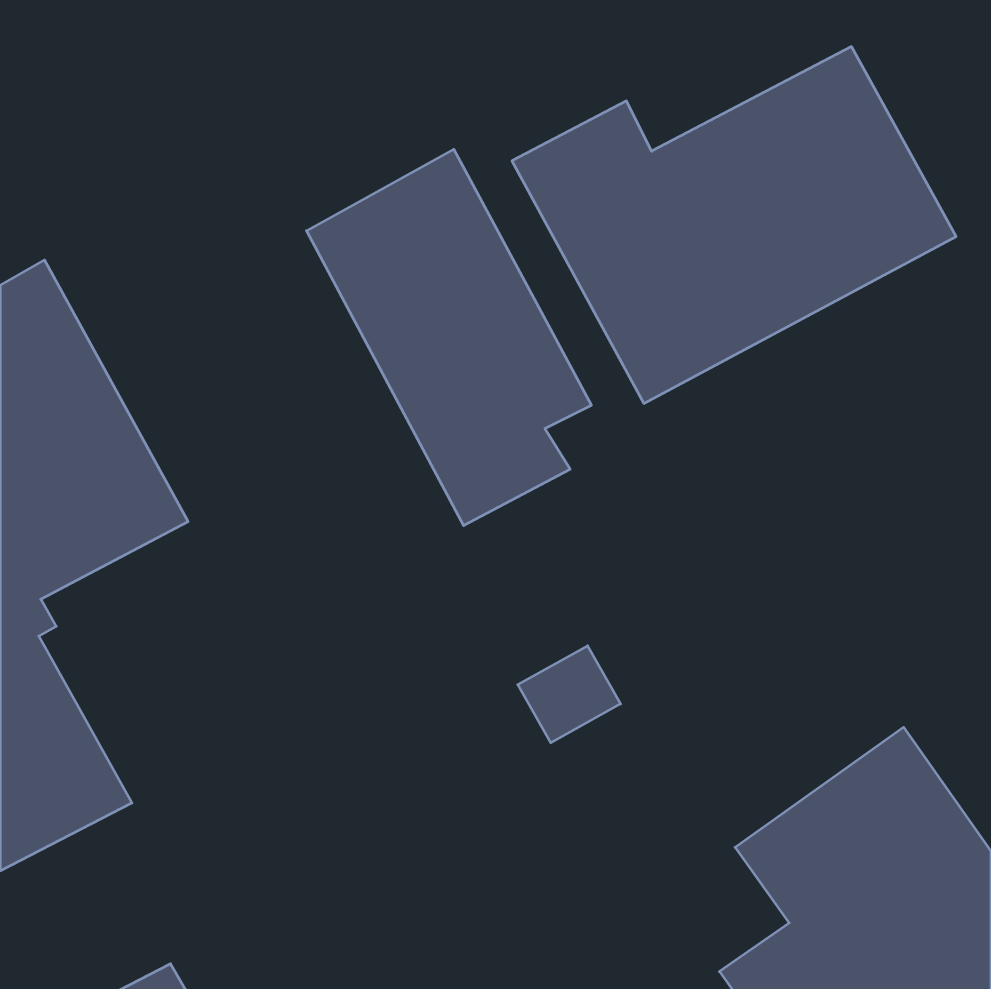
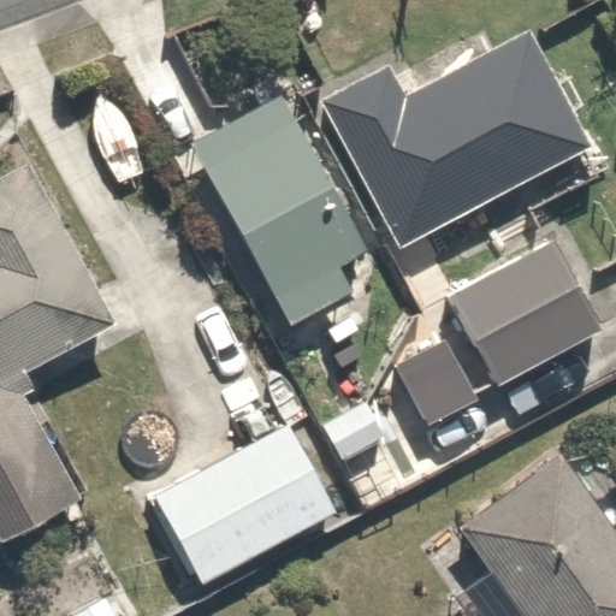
building: none -> [446,241,600,387]
building: none -> [153,425,334,585]

